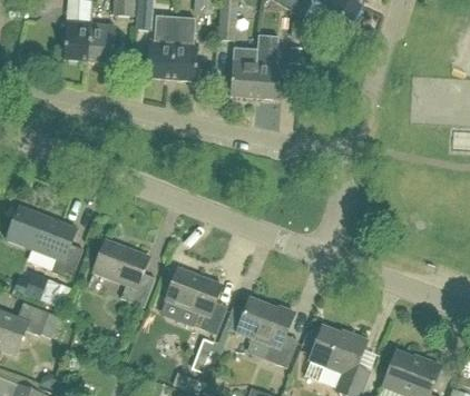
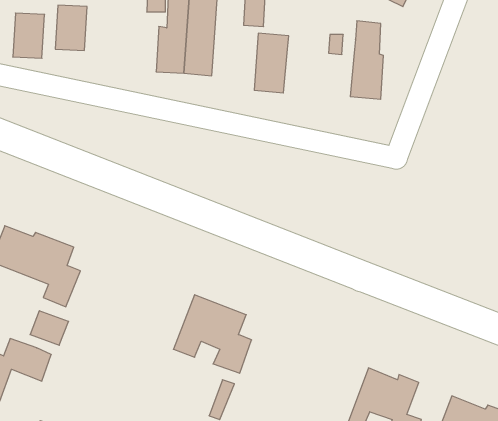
building: [86,24,112,62] -> [13,13,45,58]
building: [253,33,281,99] -> [350,21,383,99]
building: [92,239,155,305] -> none
building: [236,298,294,365] -> none

